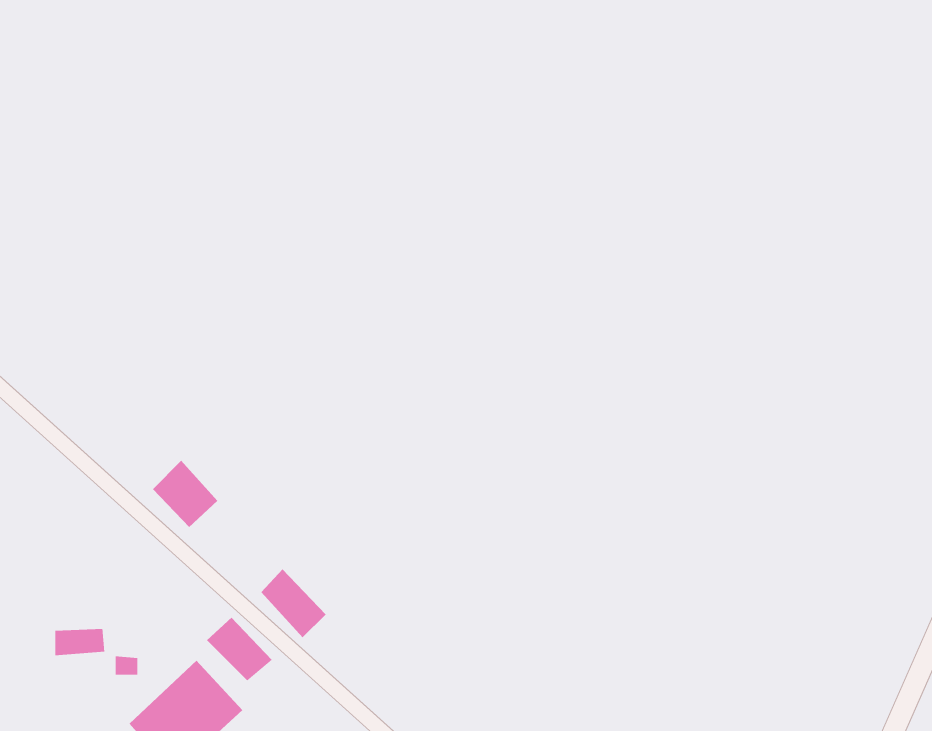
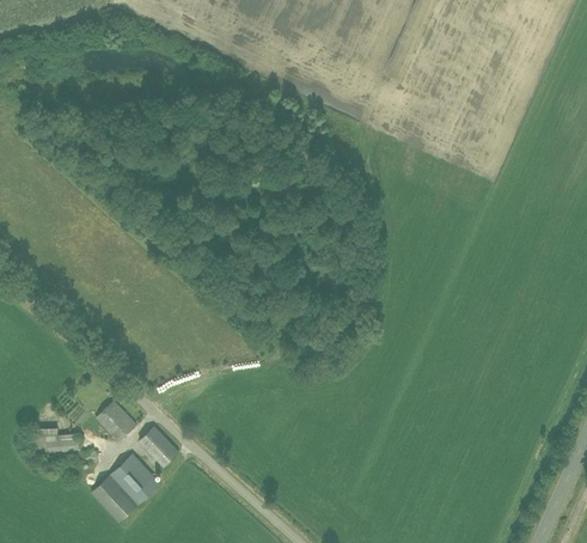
building: [152,460,218,528] -> [96,399,136,441]
building: [260,568,326,638] -> none

